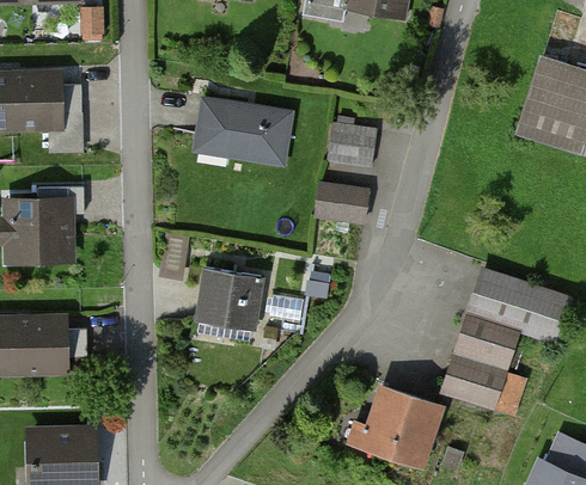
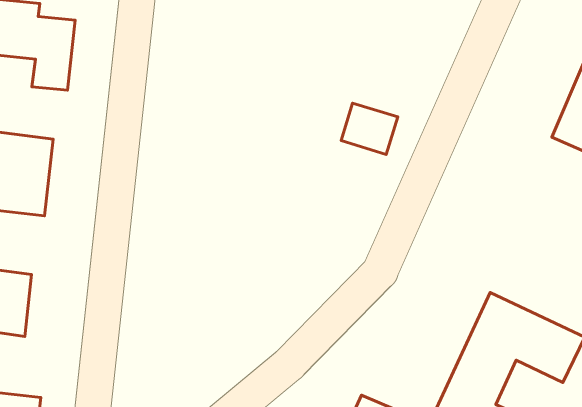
building: [196,97,293,162] -> none
building: [313,189,368,228] -> none
building: [196,270,262,325] -> none

